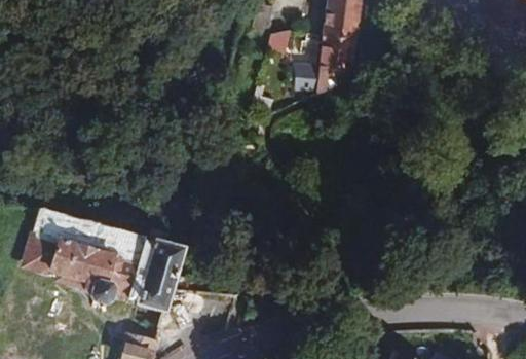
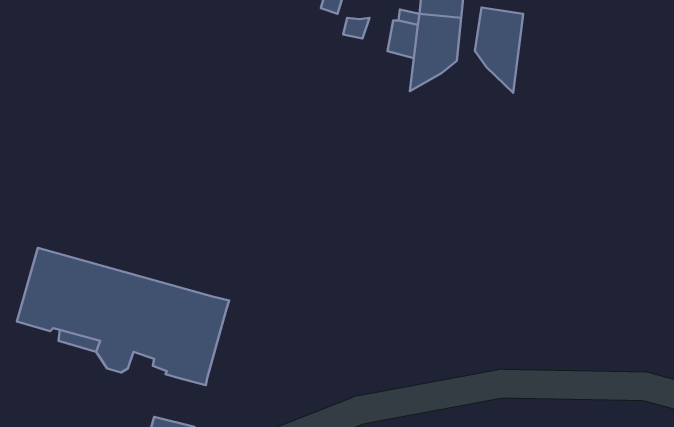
building: none -> [475,8,523,93]

